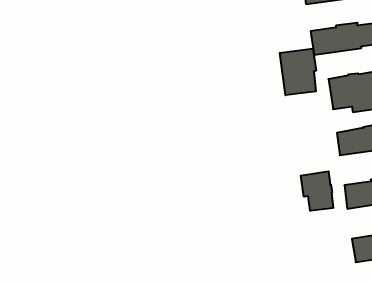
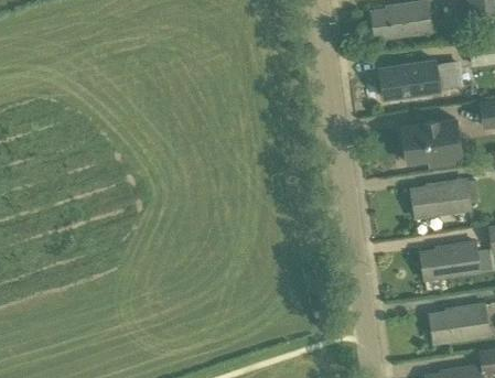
building: [280,48,316,95] -> none
building: [301,171,333,211] -> none

